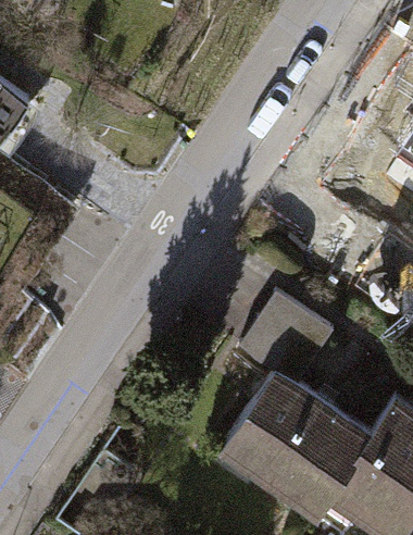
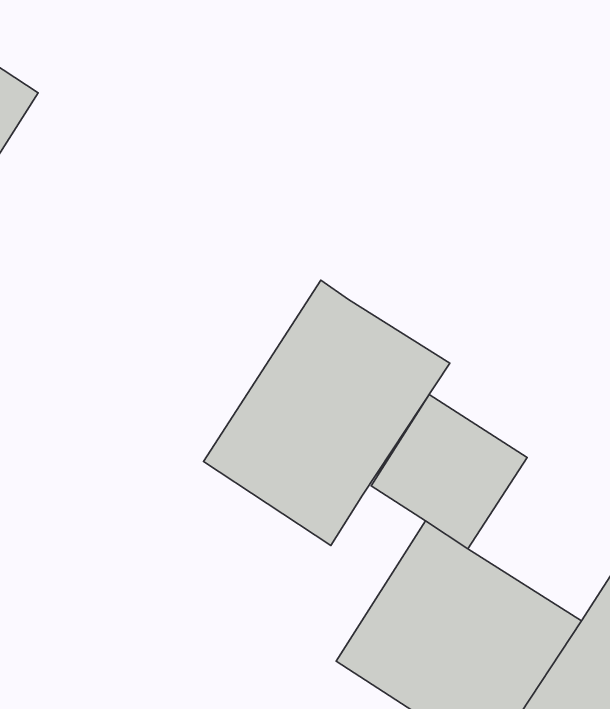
building: none -> [203,280,450,545]

